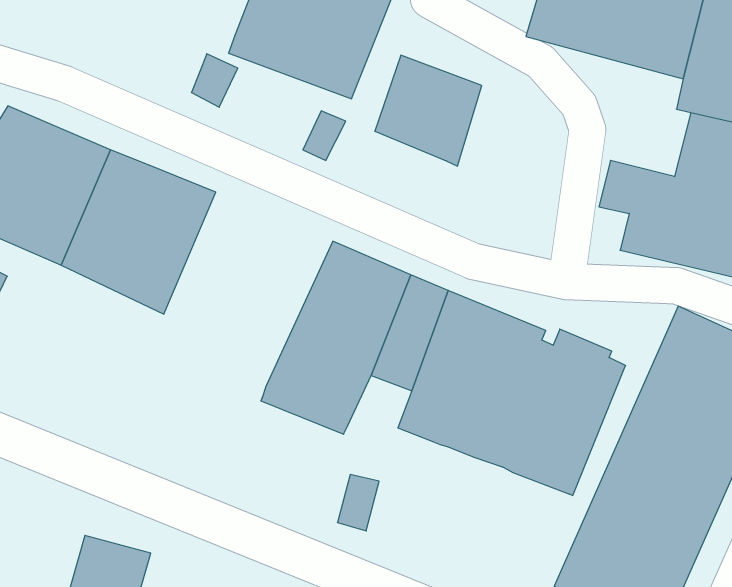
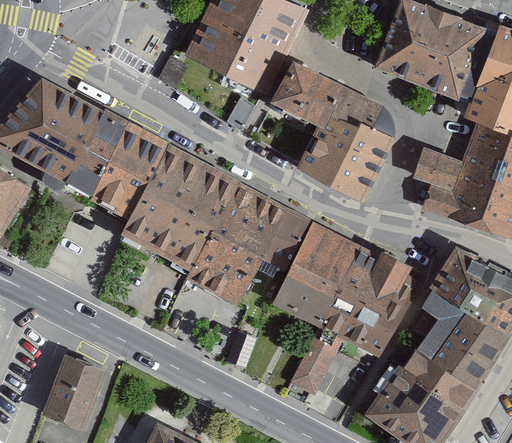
building: none -> [301,91,396,202]
building: none -> [121,144,241,271]
building: none -> [291,336,343,396]

